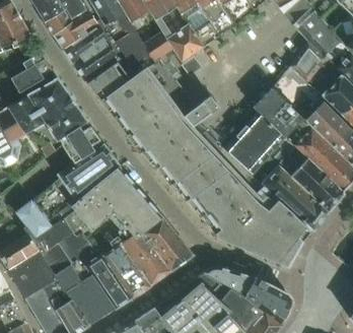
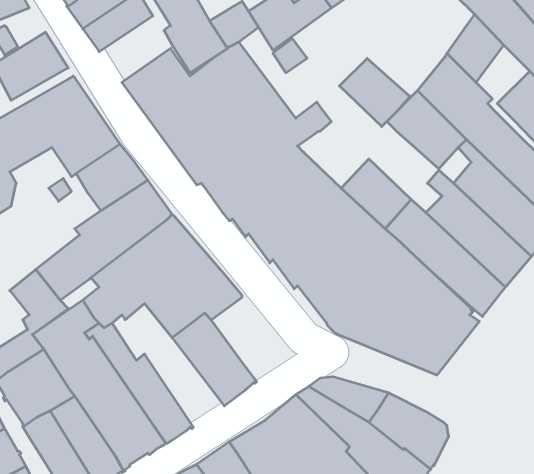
building: [73,42,119,83] -> none
building: [241,114,285,156] -> [339,58,409,127]
building: [143,217,193,269] -> none
building: [102,243,150,298] -> none

